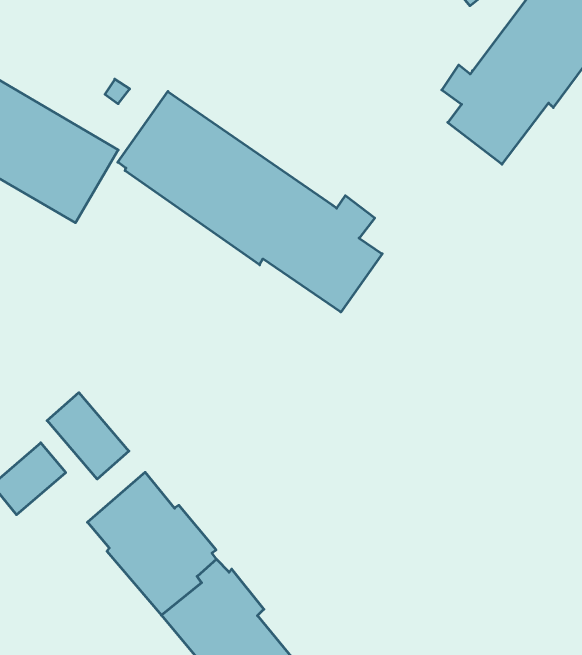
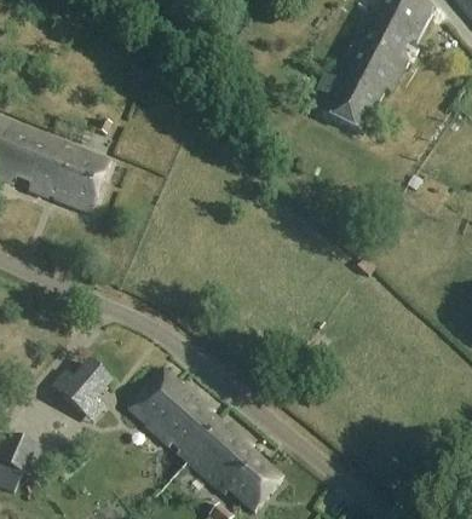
building: [118,91,382,312] -> none
building: [47,393,129,479] -> none

